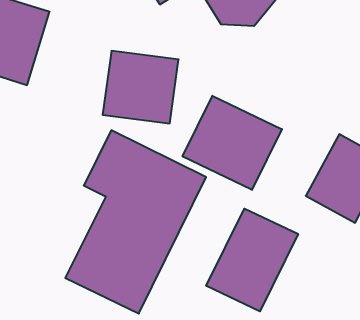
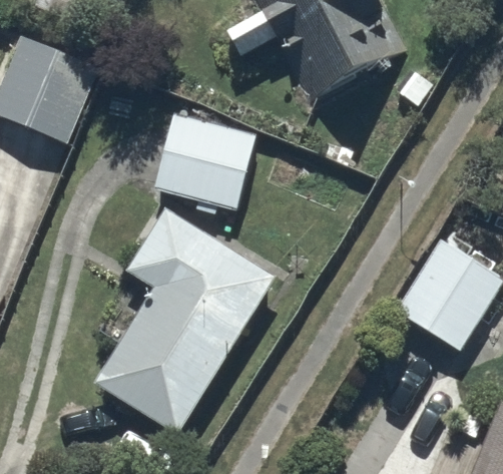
building: [183,96,282,190] -> none
building: [206,209,298,311] -> none

